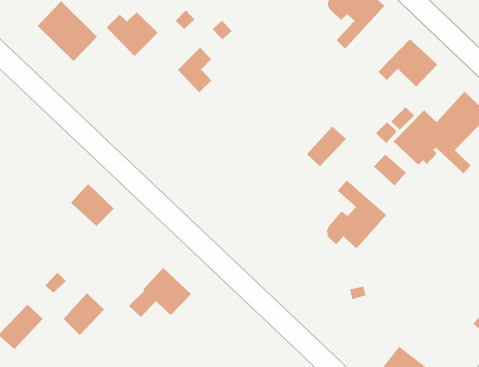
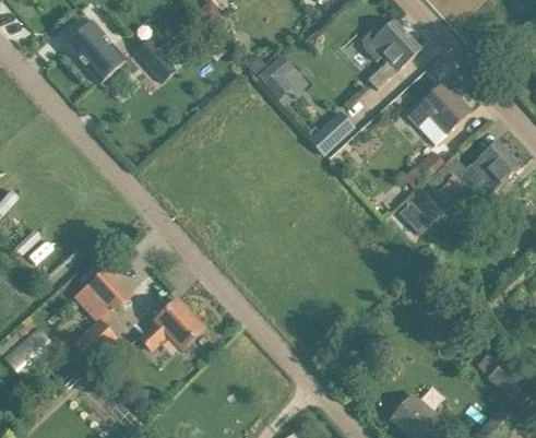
building: [177,47,212,93] -> [257,50,293,97]
building: [306,126,347,167] -> [309,110,352,152]
building: [326,179,387,249] -> none
building: [70,183,115,227] -> [86,267,131,311]

